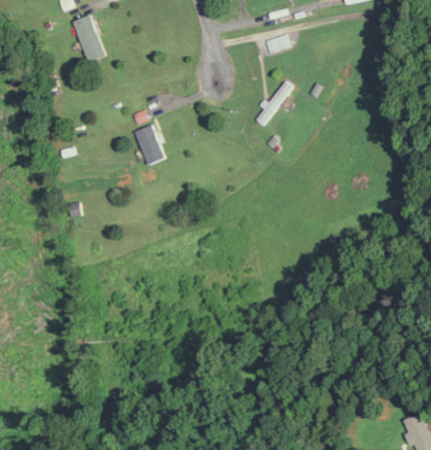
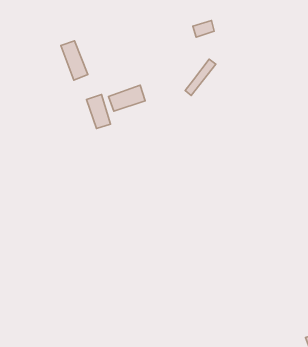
building: [73,15,106,63] -> [61,41,88,80]
building: none -> [109,85,145,111]

